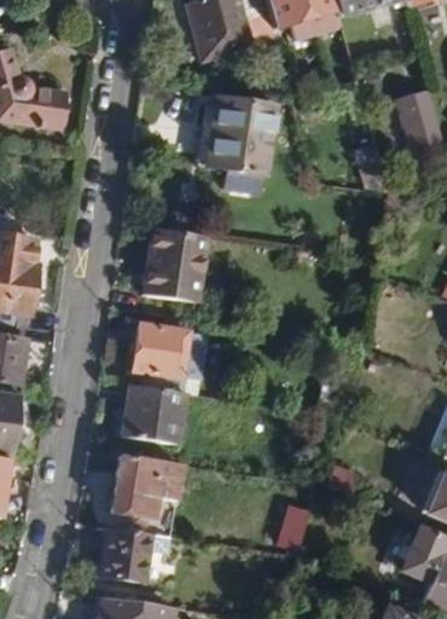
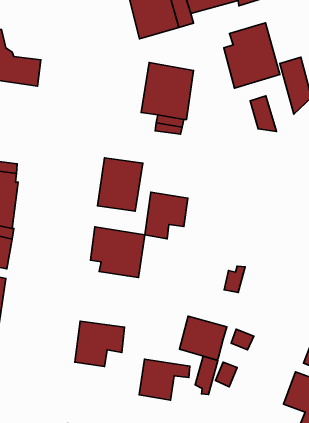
building: none -> [224,23,280,88]
building: none -> [145,192,188,239]
building: [121,384,184,444] -> none
building: none -> [179,316,227,360]
building: [99,527,169,584] -> [139,359,190,400]

